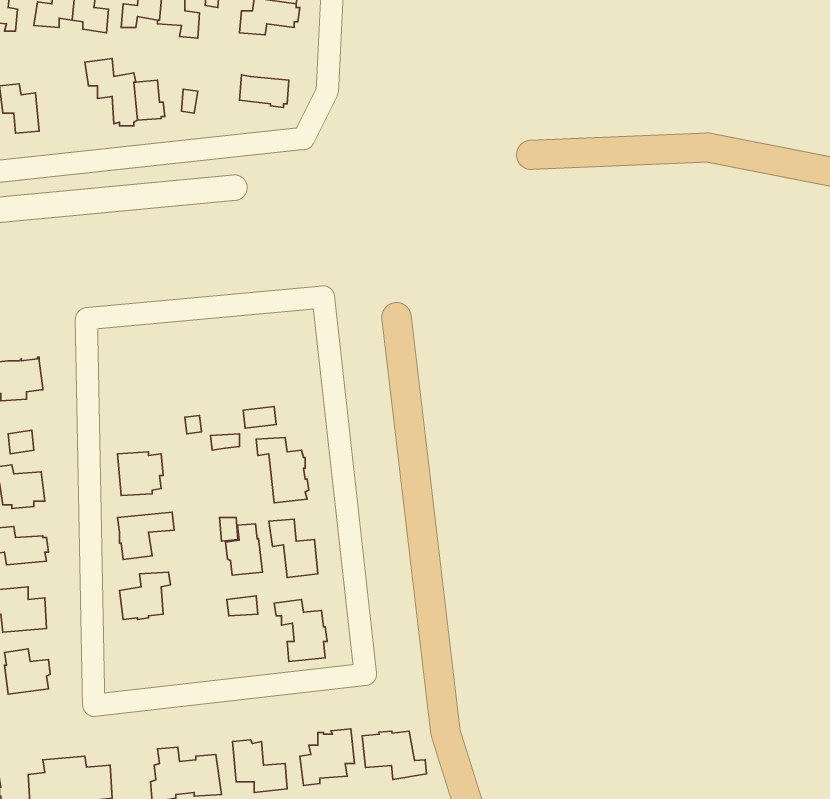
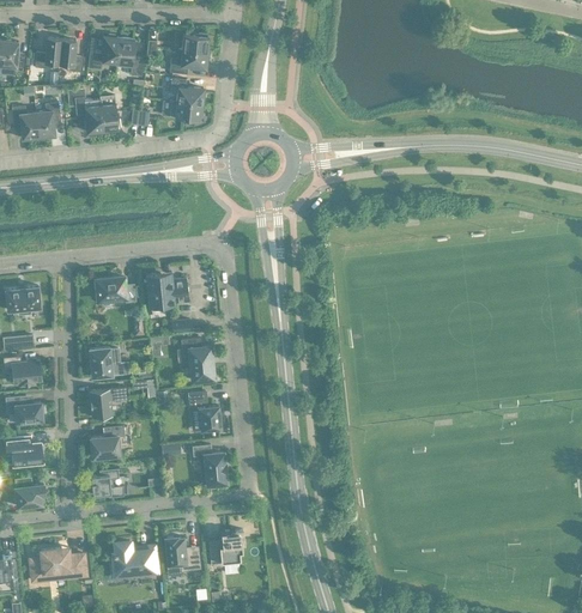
building: none -> [170,78,205,104]
building: none -> [35,103,60,138]
building: none -> [145,273,187,306]
building: none -> [96,278,135,305]
building: [226,524,262,575] -> none
building: none -> [87,468,123,498]
building: [362,731,426,780] -> none

